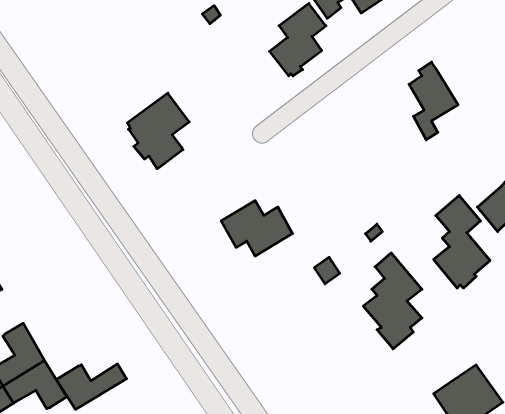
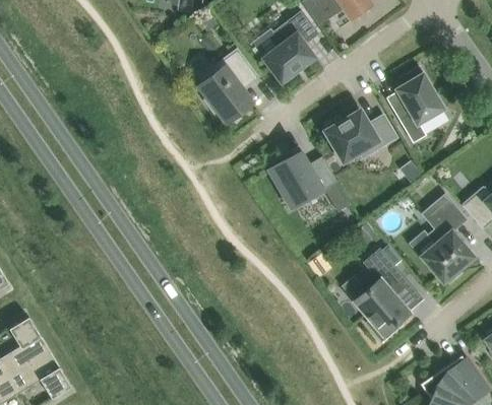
building: [127,93,189,169] -> [198,50,257,122]
building: none -> [325,111,395,160]
building: [221,201,293,256] -> [268,150,336,203]
building: [56,364,127,409] -> none

